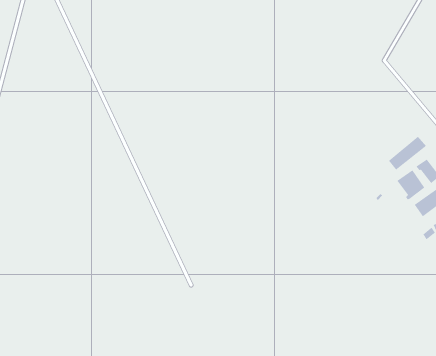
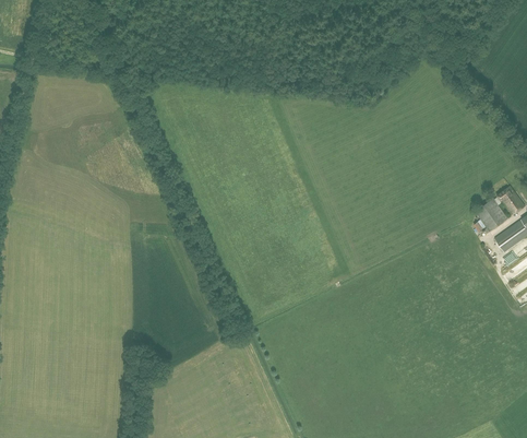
building: [388,136,427,171] -> none

